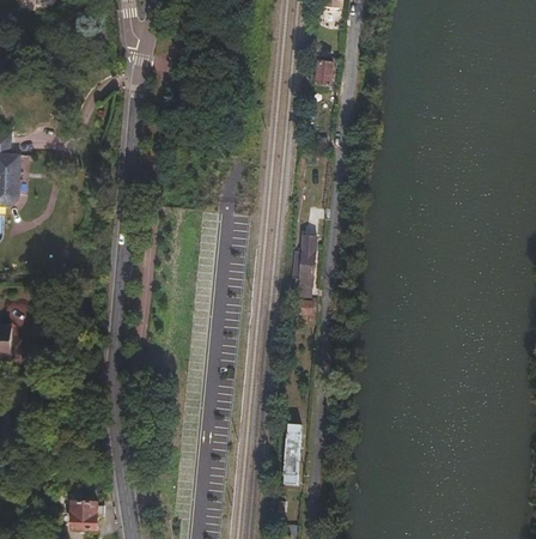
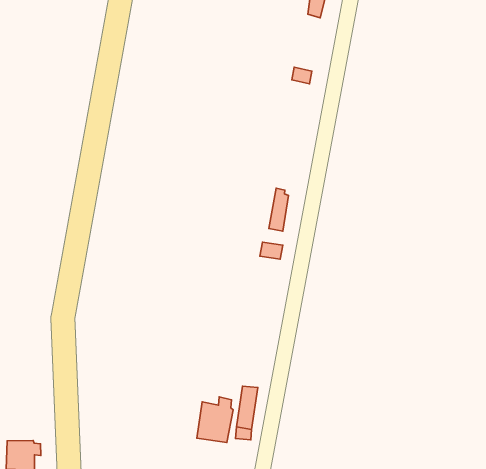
building: none -> [197,397,233,443]

